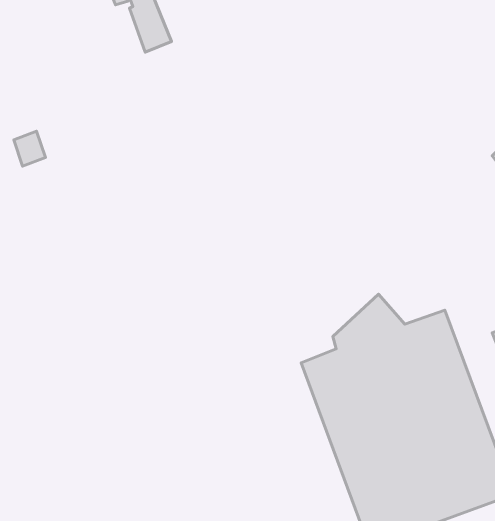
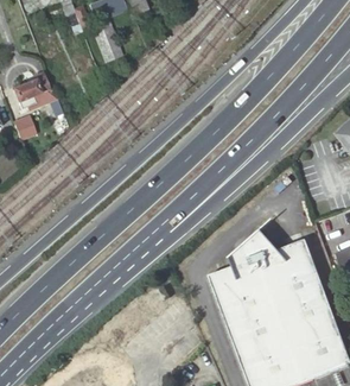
building: none -> [12,68,62,112]

